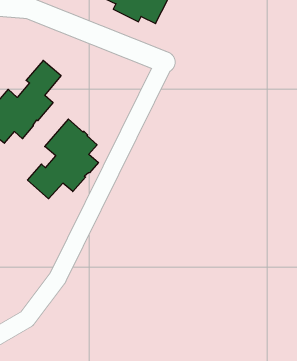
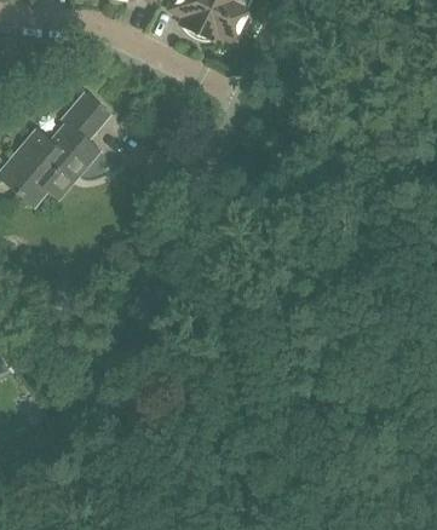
building: [28,119,98,199] -> none

